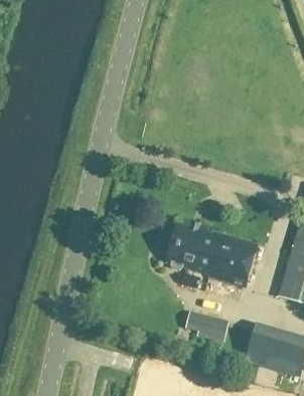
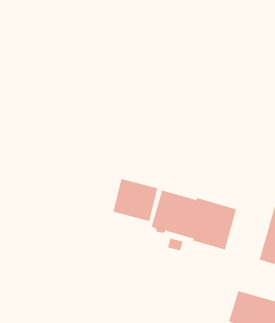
building: none -> [113,178,158,222]
building: [184,310,229,340] -> none

